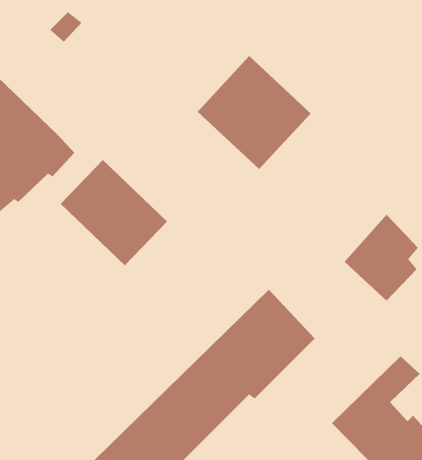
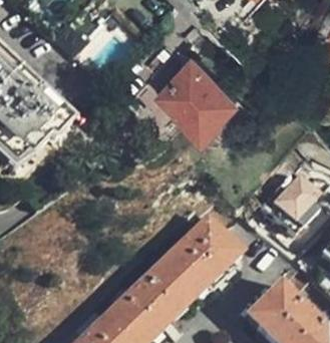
building: [60,159,168,266] -> none

